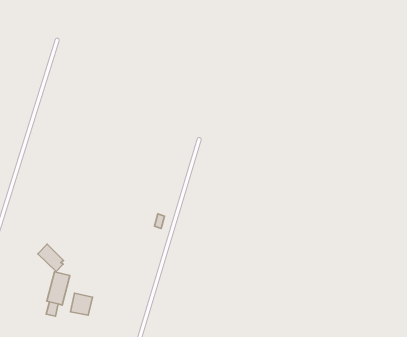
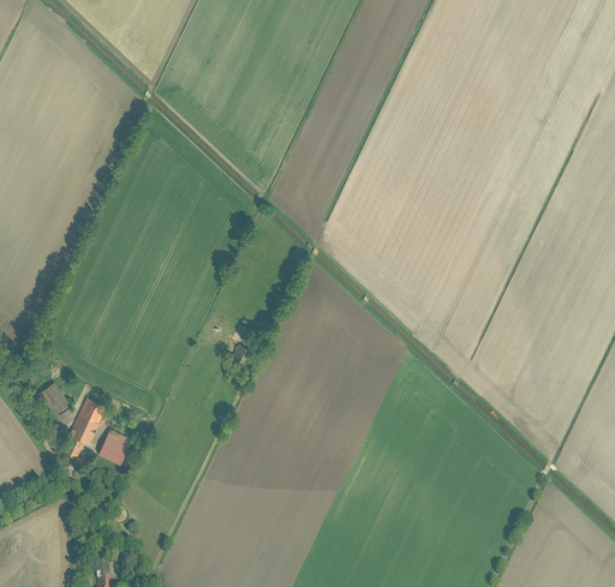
building: [38,244,63,272] -> [40,383,72,421]

